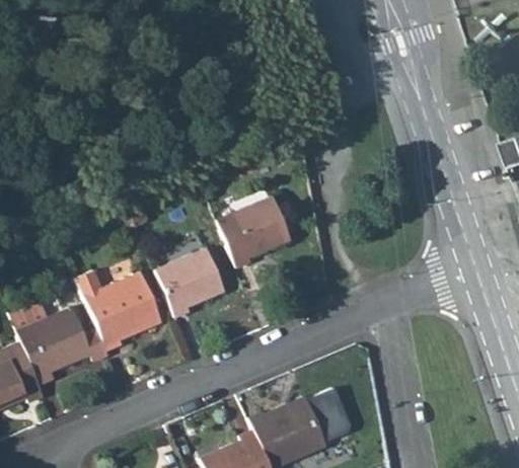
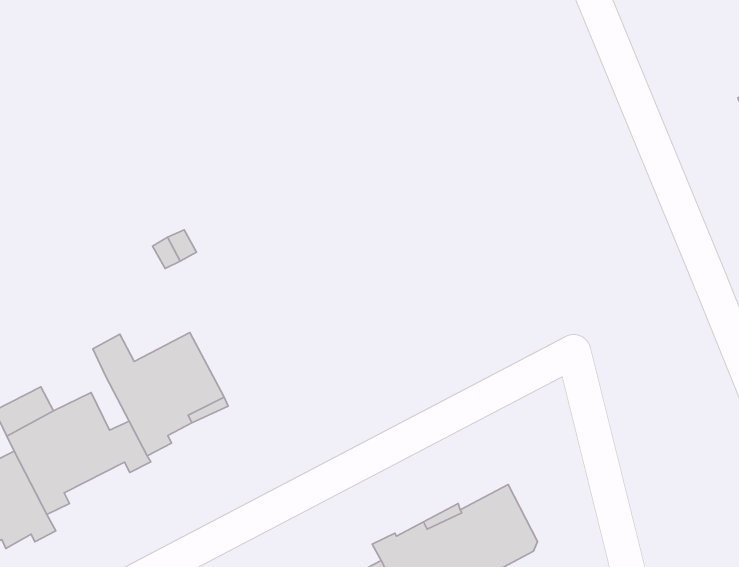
building: [216,197,290,267] -> none
building: [155,249,223,317] -> none

